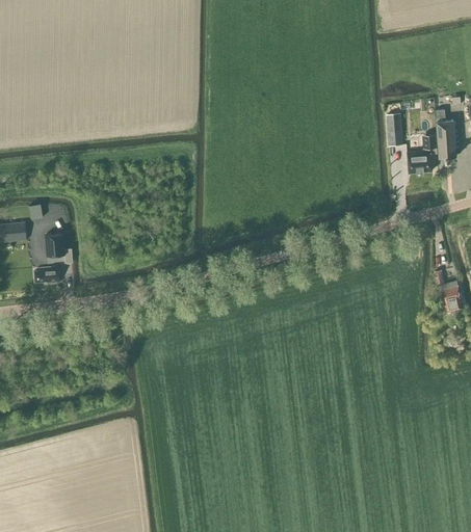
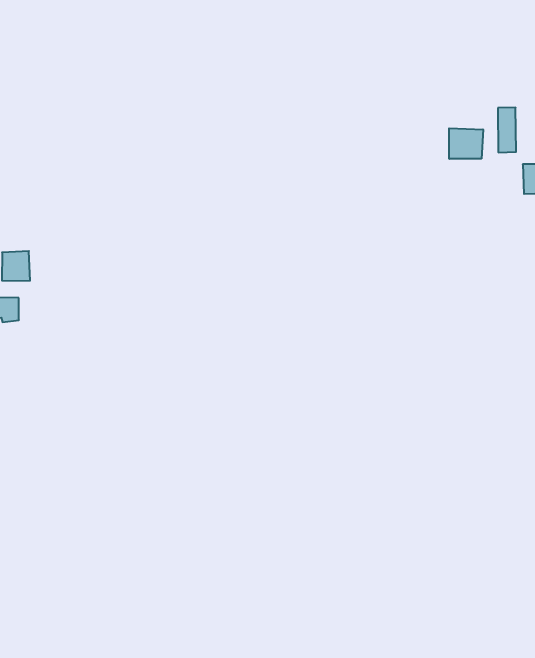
building: none -> [449,128,483,159]

